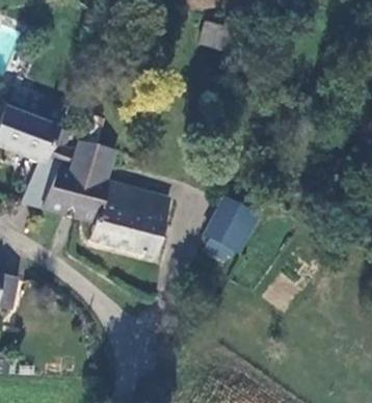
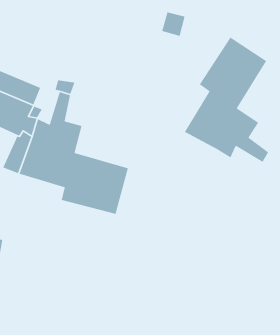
building: none -> [184,36,269,163]
building: [208,199,259,259] -> none

